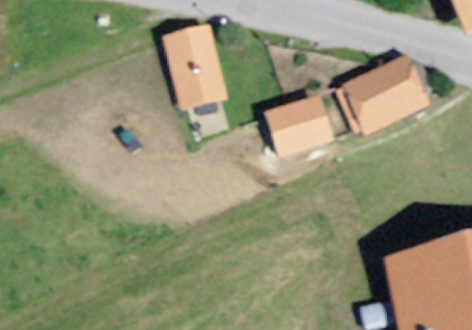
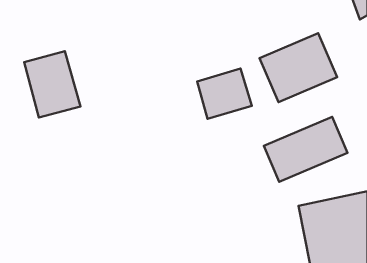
building: [161,27,228,107] -> [24,51,80,118]
building: none -> [264,117,347,182]

